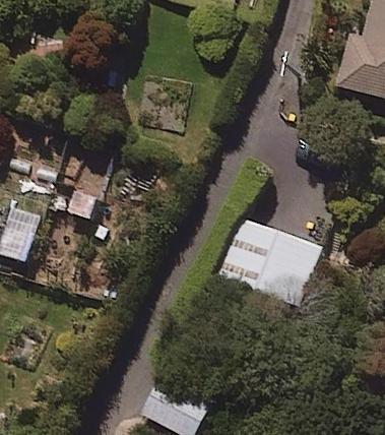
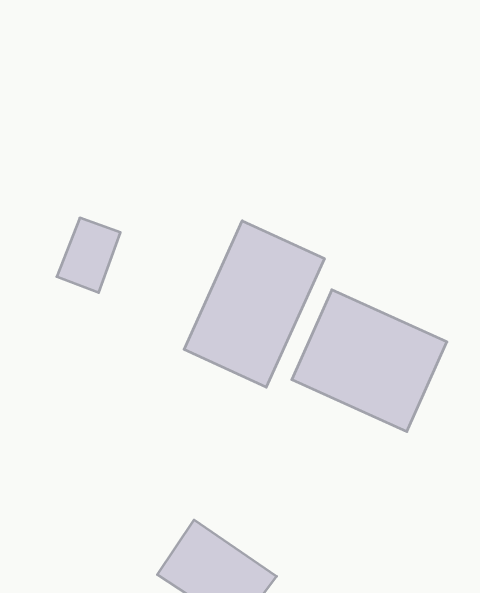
building: none -> [184,221,324,387]

